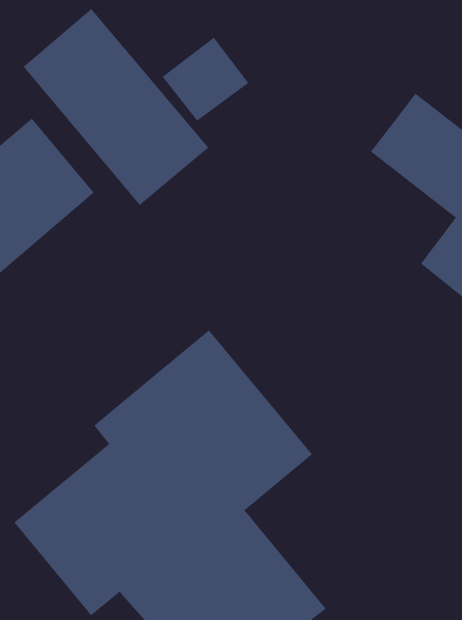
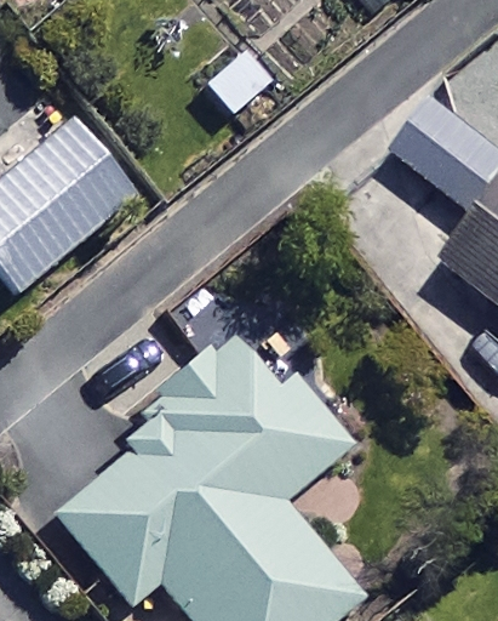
building: [23,8,209,206] -> none

